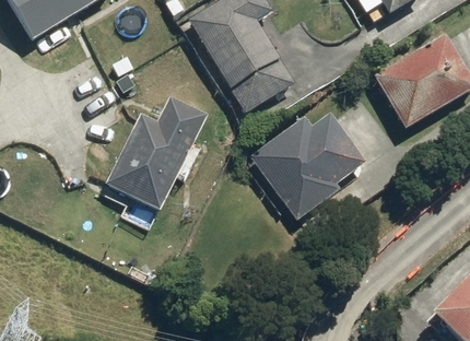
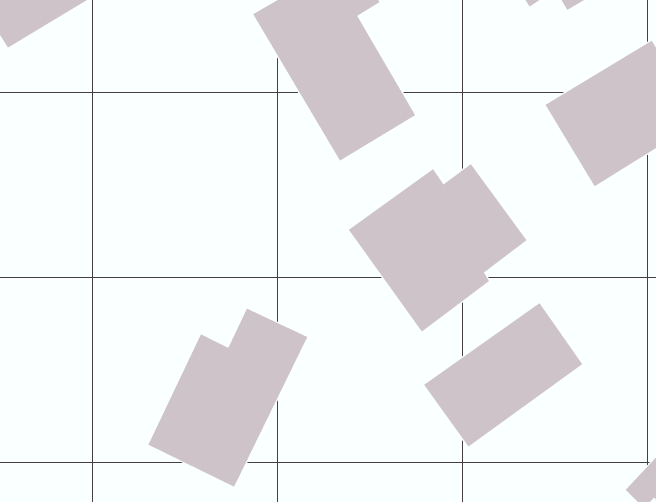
building: [105,96,208,211] -> [147,308,308,487]
building: none -> [423,302,583,447]

